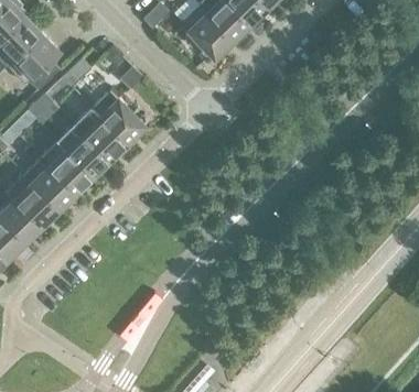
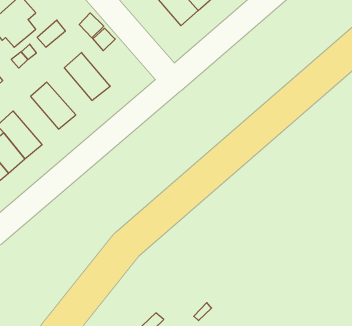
building: [74,109,123,159] -> none
building: [40,142,89,193] -> none

